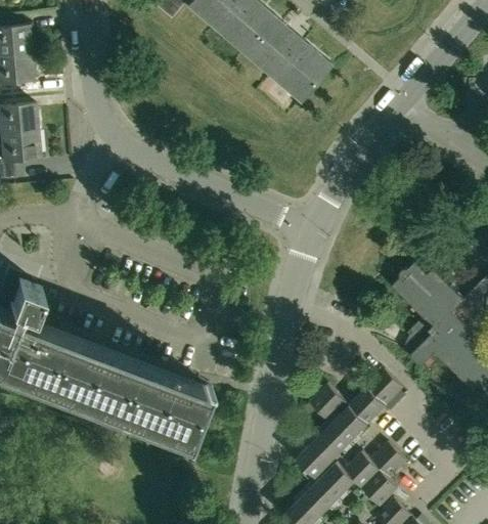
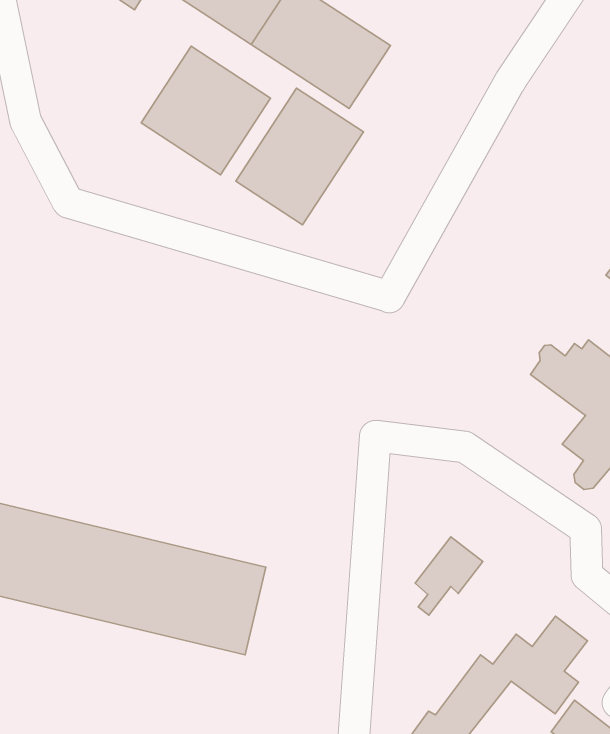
building: none -> [141,46,270,175]
building: none -> [236,88,363,225]
building: [295,370,402,477] -> none

